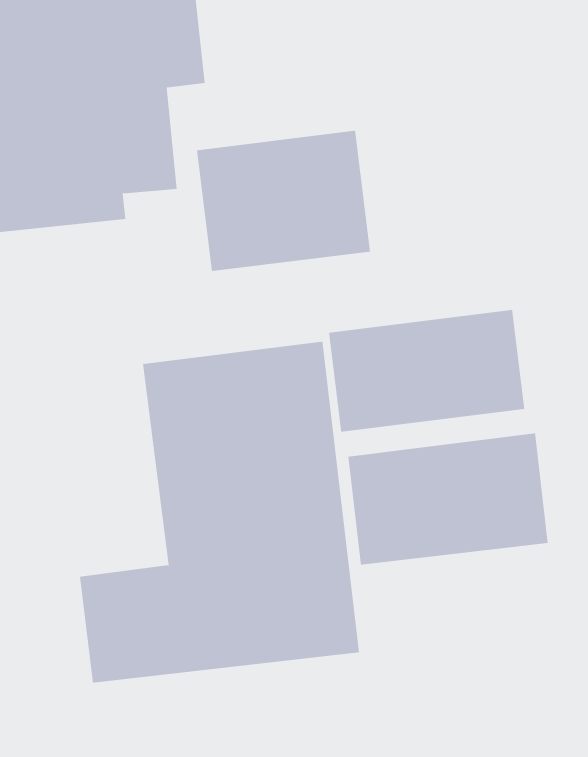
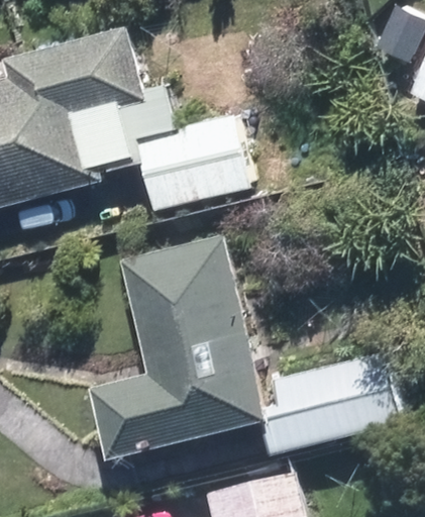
building: [328,309,525,432] -> none
building: [347,433,549,565] -> [269,363,388,448]

